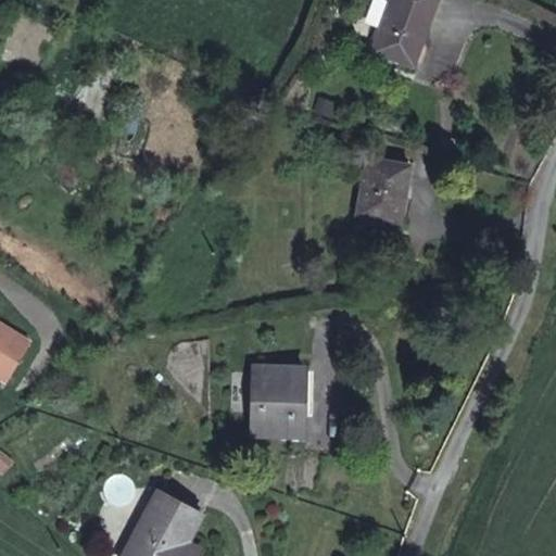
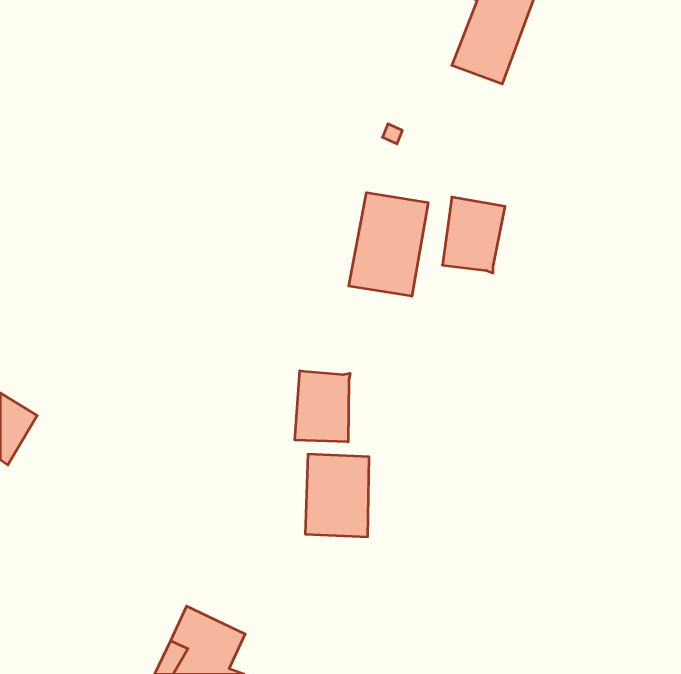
building: none -> [349,193,428,296]
building: none -> [295,371,350,442]

